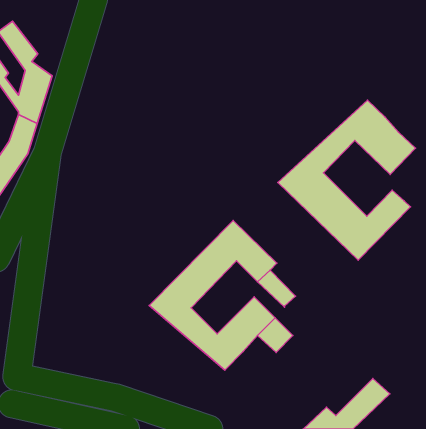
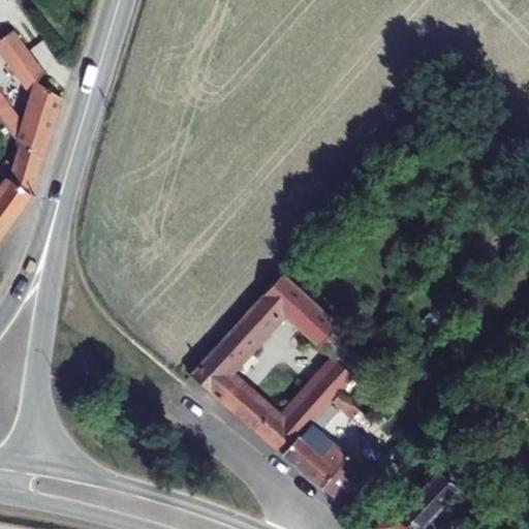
building: [278,100,416,260] -> none
building: none -> [276,432,369,508]

